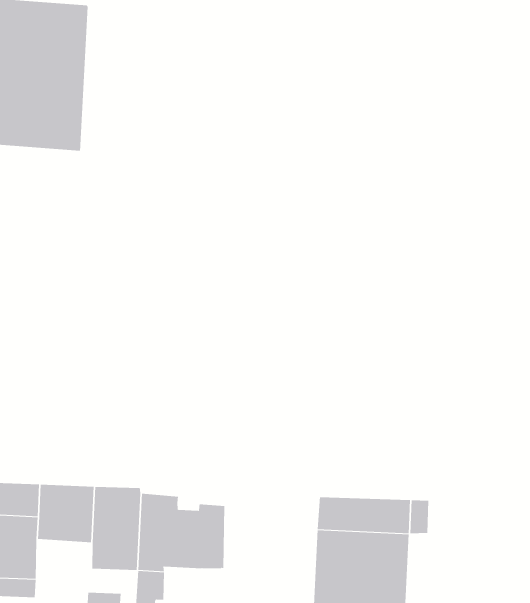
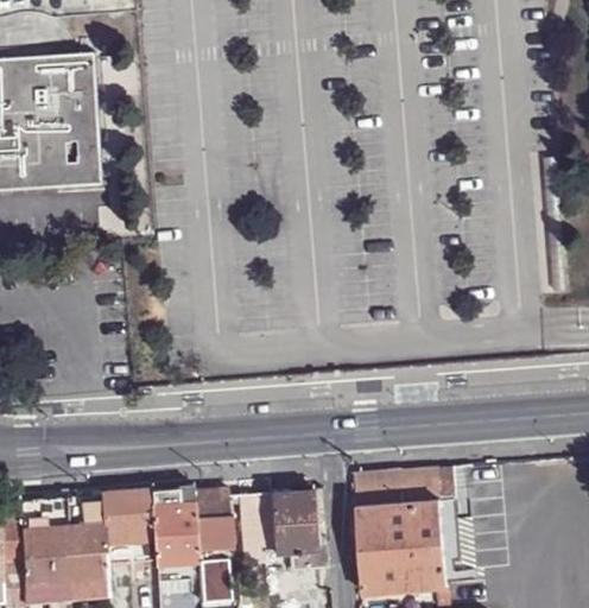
building: none -> [268,490,327,569]

